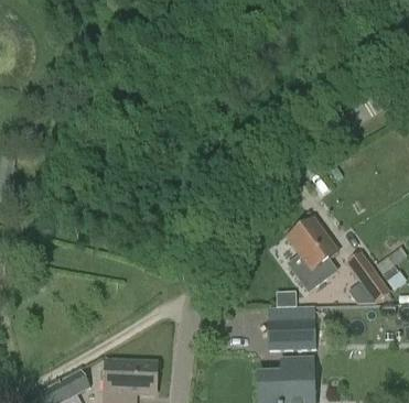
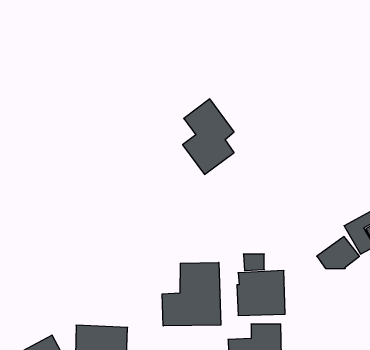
building: [286,216,337,292] -> [183,99,234,174]
building: none -> [162,262,221,326]

